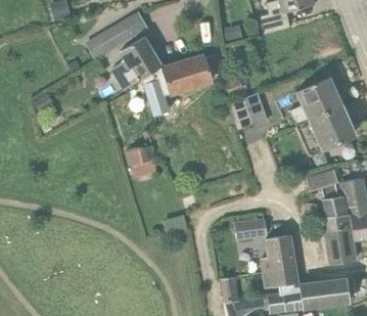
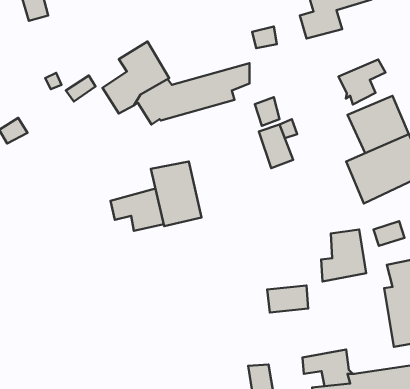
building: [88,13,147,57] -> none
building: none -> [339,59,386,104]
building: none -> [151,161,202,226]
building: [261,234,294,273] -> [321,230,366,281]

